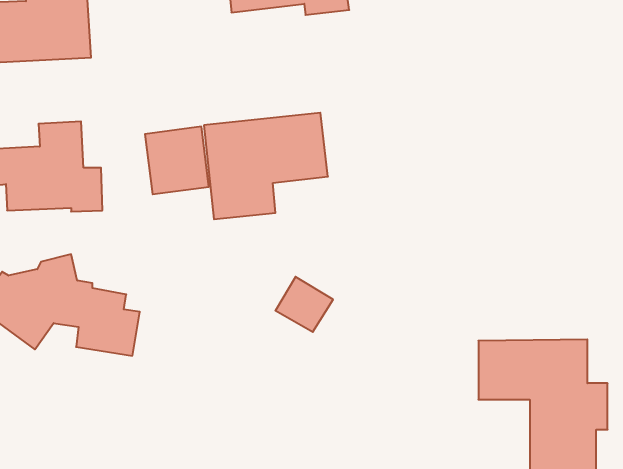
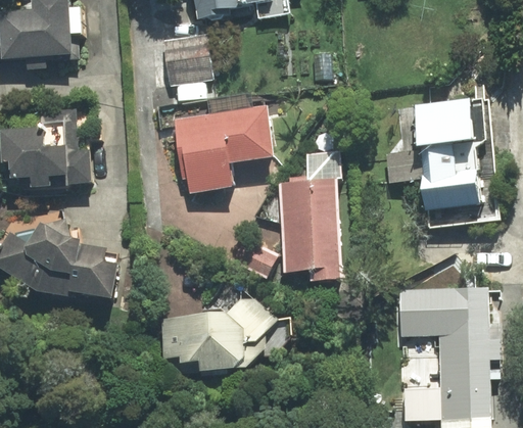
building: none -> [413,100,484,210]
building: [145,127,209,194] -> [160,33,212,88]
building: none -> [275,179,342,282]
building: none -> [161,292,280,375]

